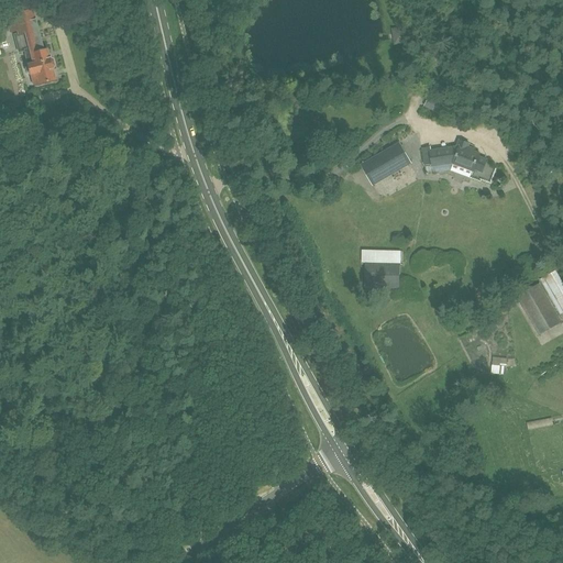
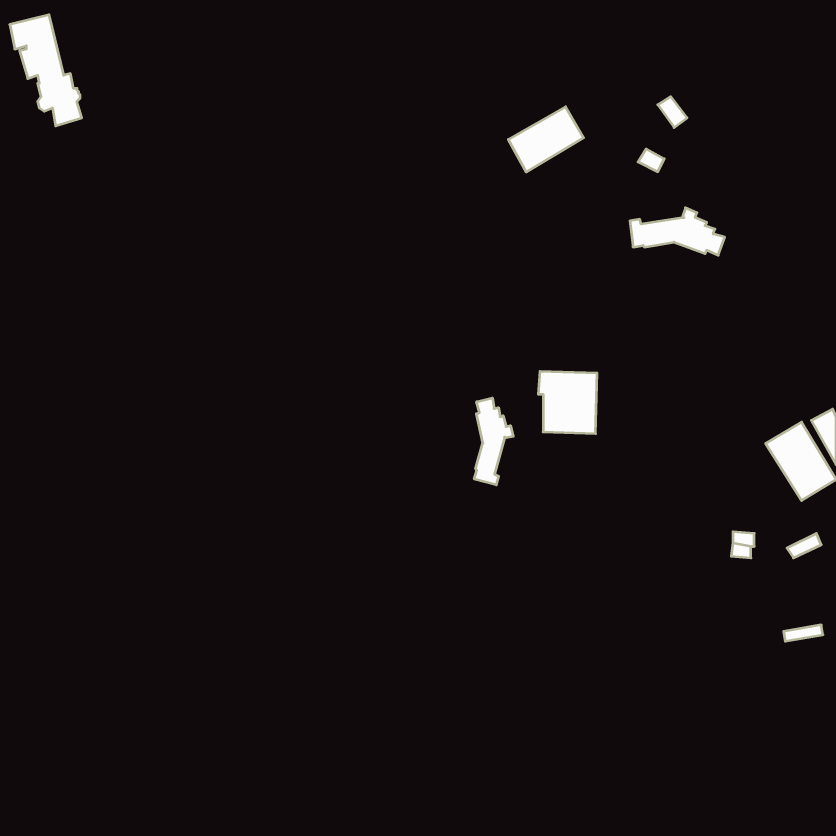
building: [361,143,411,187] -> [508,107,584,172]
building: none -> [474,398,513,485]

